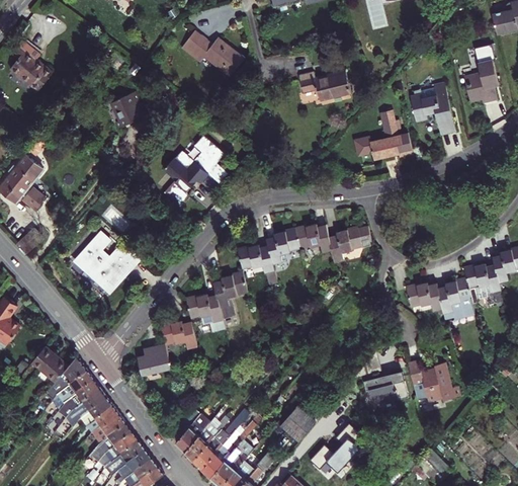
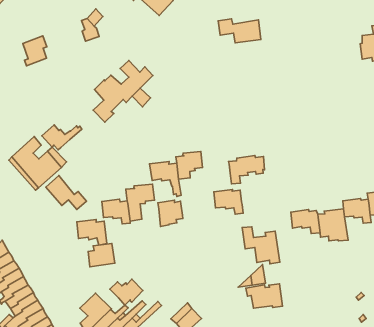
building: [410,82,455,136] -> none
building: [111,94,141,131] -> [23,36,47,66]
building: [354,110,414,161] -> none
building: none -> [42,125,82,150]
building: [294,225,331,253] -> [214,189,243,214]
building: none -> [46,175,86,210]
building: none -> [158,200,183,226]
building: [138,345,170,375] -> [88,244,115,267]
building: [407,360,454,401] -> [242,227,280,264]
building: none -> [110,279,143,305]

